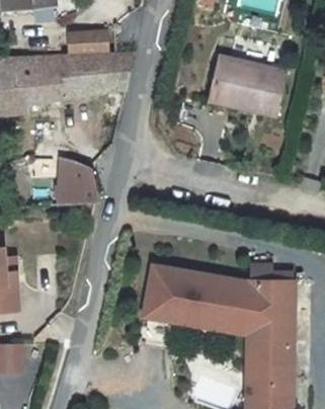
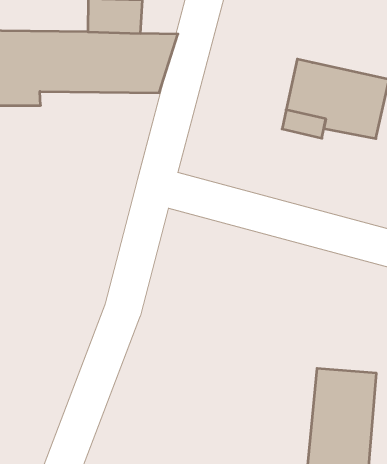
building: [56,156,96,203] -> none
building: [138,266,250,349] -> none

